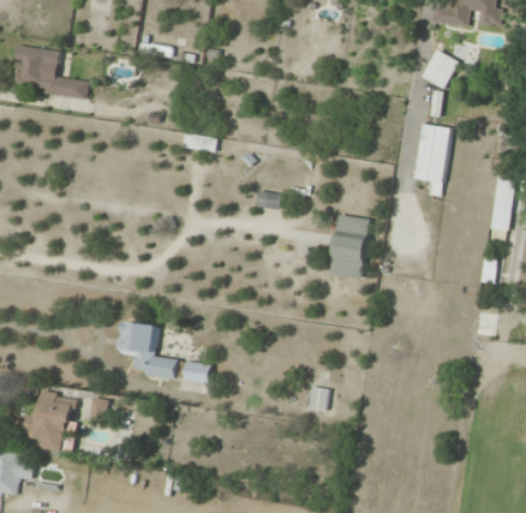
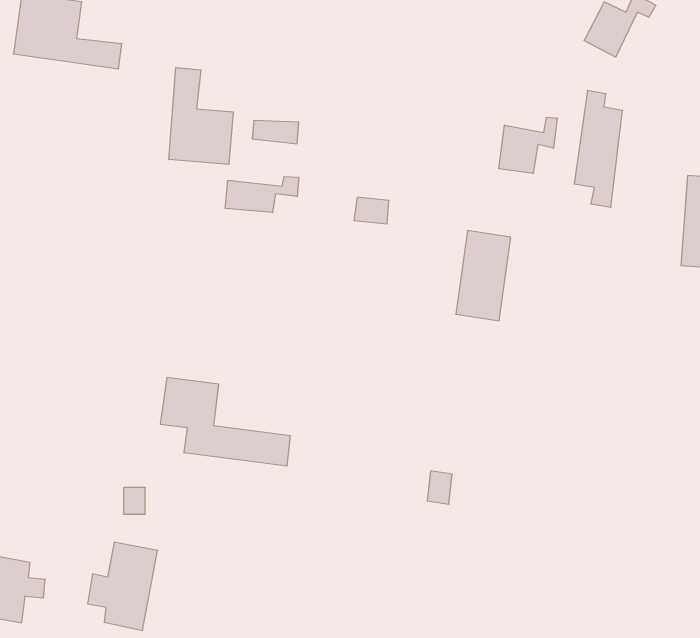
building: none -> [169,68,233,164]
building: none -> [499,117,557,174]
building: none -> [225,176,299,213]
building: [24,389,74,453] -> [88,542,158,631]

